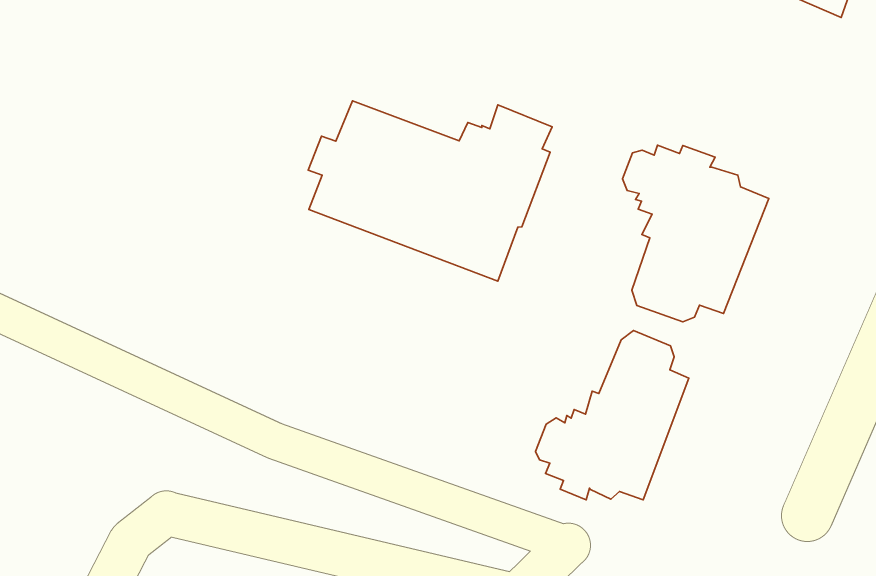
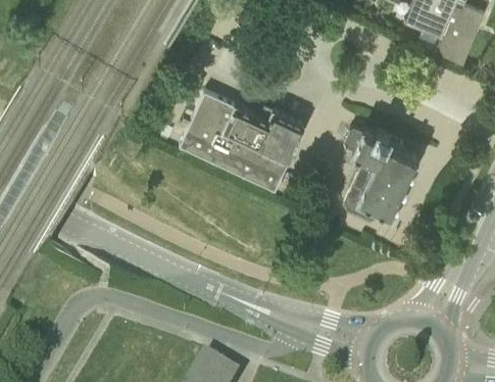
building: [536,330,689,500] -> none

